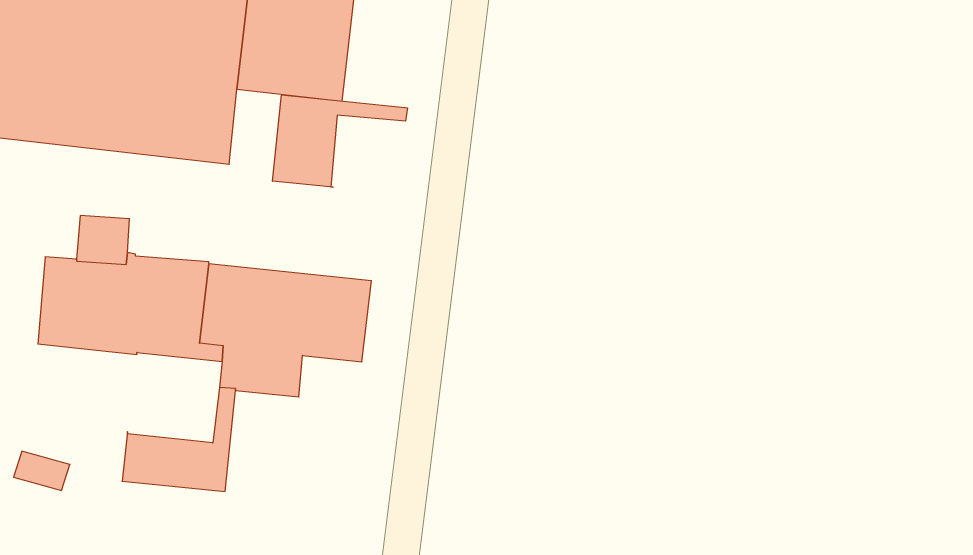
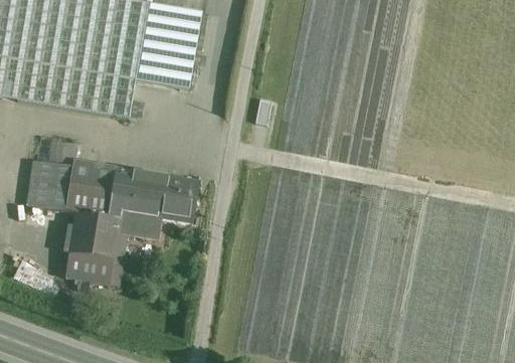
building: [273,95,407,187] -> none
building: none -> [68,211,119,259]

